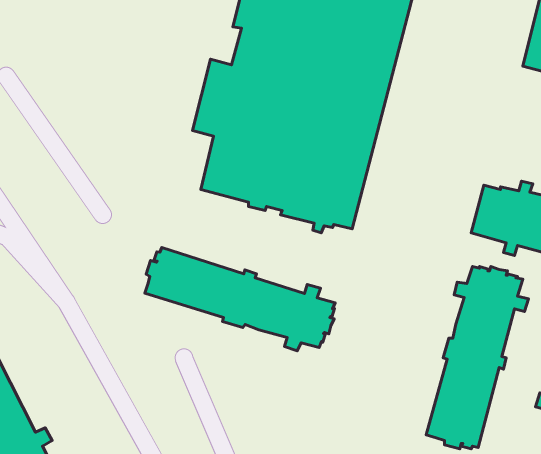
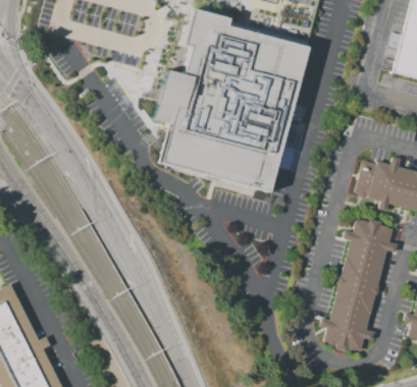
building: [145,247,335,351] -> none

